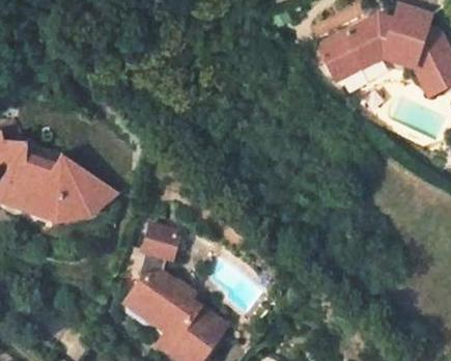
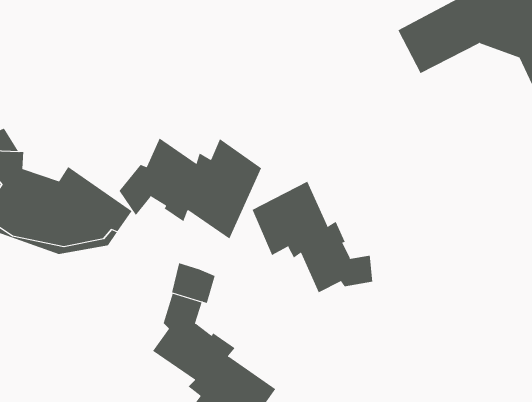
building: none -> [119,138,262,239]
building: none -> [252,181,373,293]

